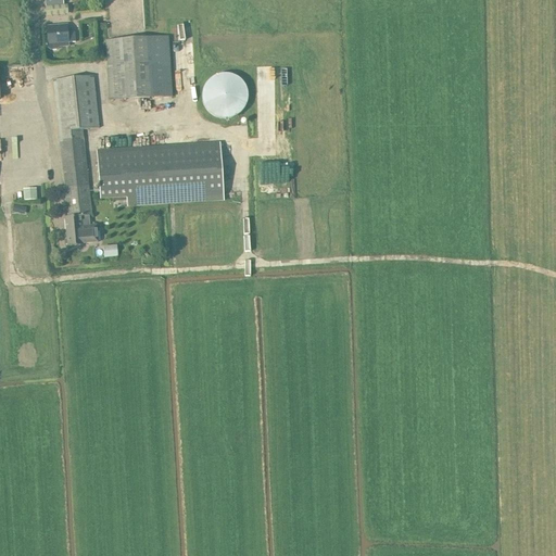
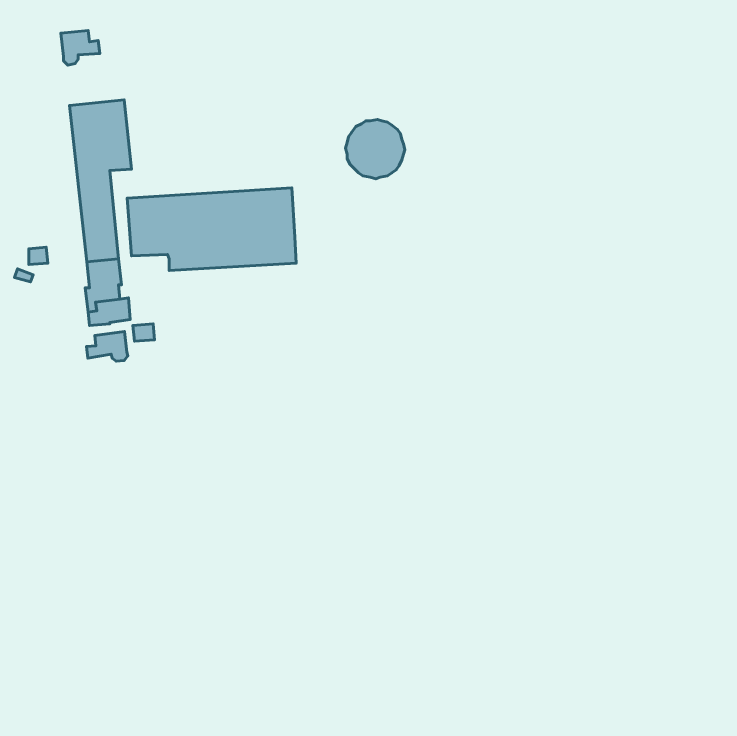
building: [106,35,173,99] -> none
building: [204,70,249,114] -> [346,119,405,179]
building: none -> [86,331,128,361]

